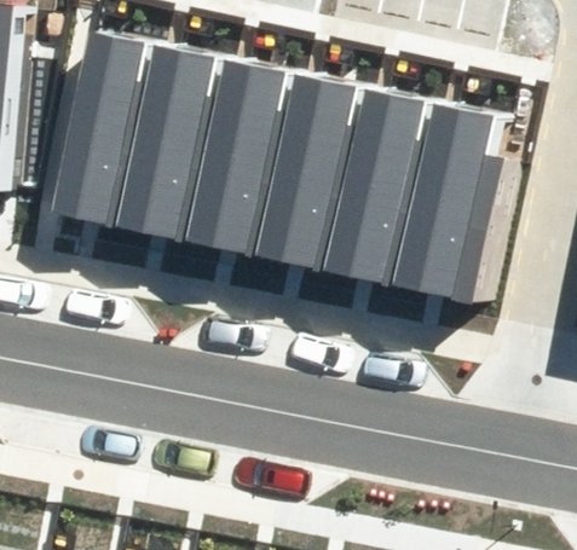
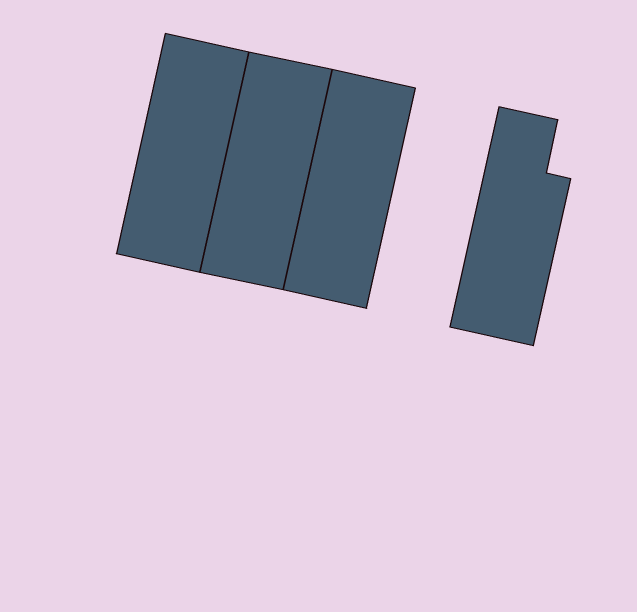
building: [58,28,169,228] -> none
building: [339,89,450,290] -> none

